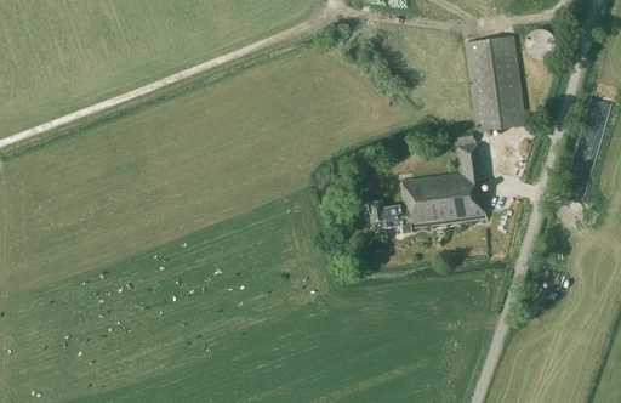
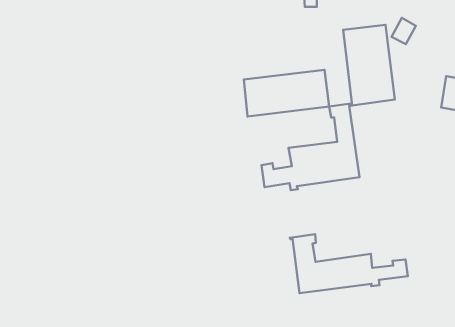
building: none -> [244,70,329,116]
building: none -> [290,234,408,293]

